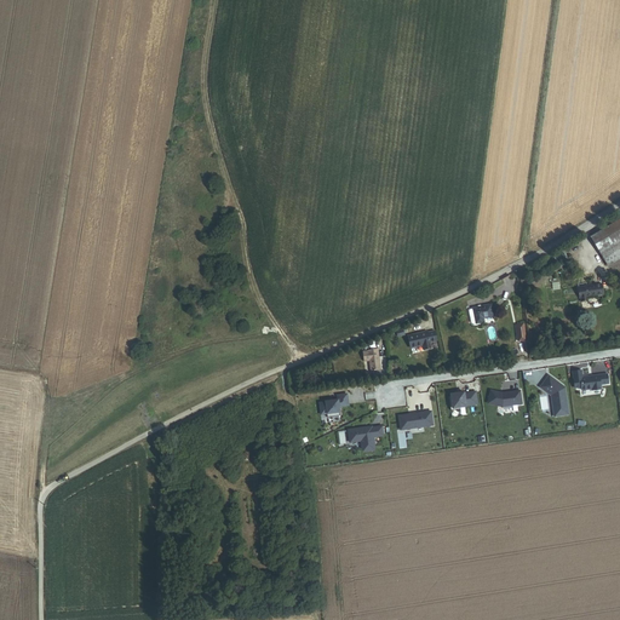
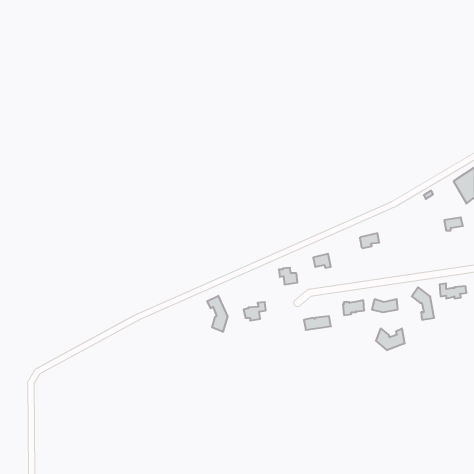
building: none -> [207,296,227,332]
building: [348,426,383,452] -> none
building: none -> [376,328,405,350]

